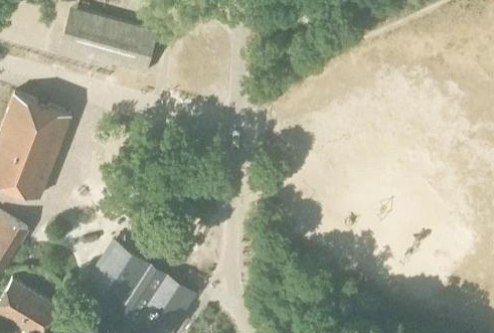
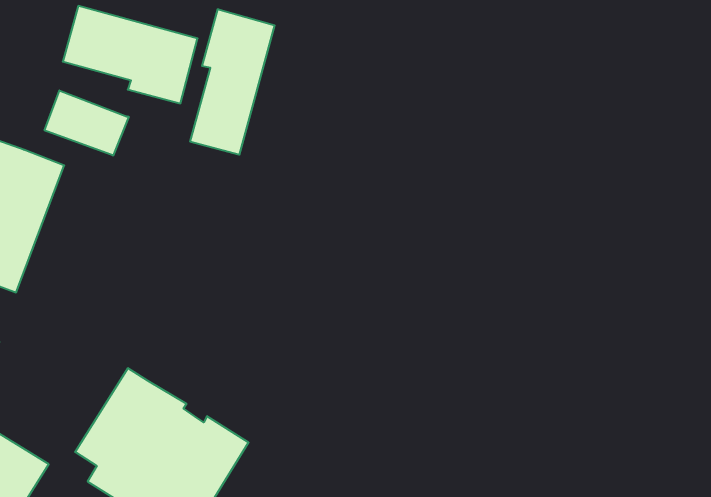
building: none -> [190,9,275,155]
building: none -> [45,90,129,156]

